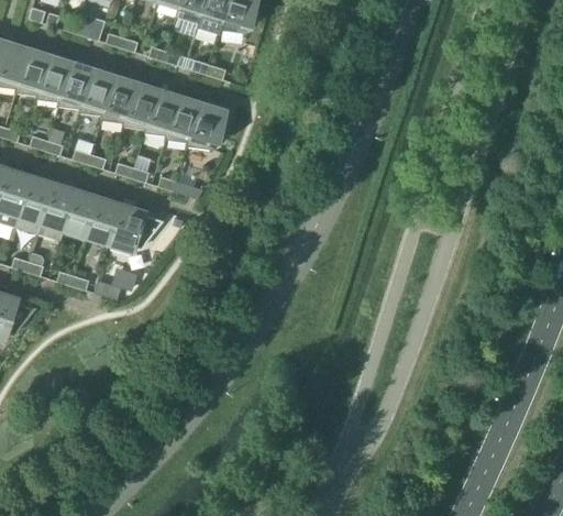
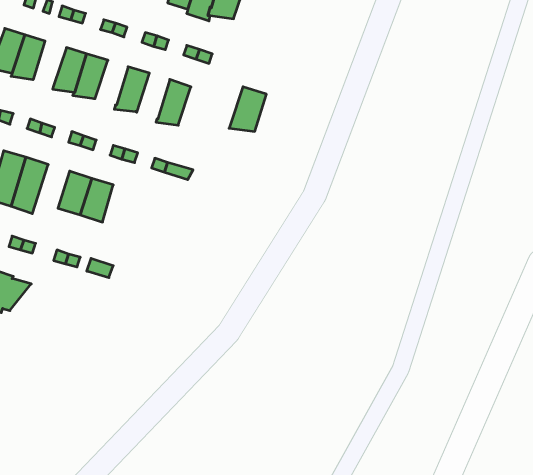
building: [35,55,71,101] -> none
building: [100,75,135,121] -> none
building: [143,88,178,135] -> none
building: [186,102,224,149] -> [229,87,266,131]
building: [36,183,75,240] -> none
building: [109,204,163,249] -> none

